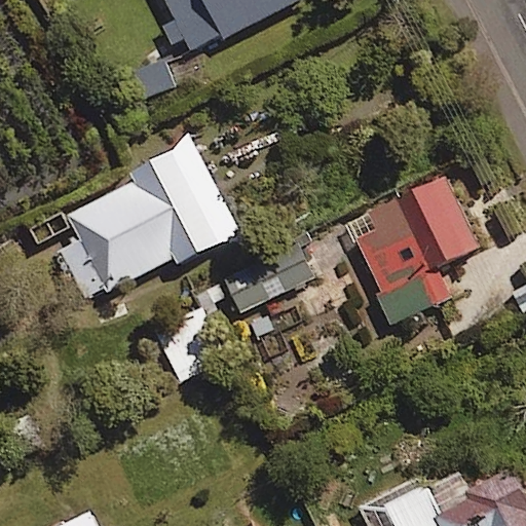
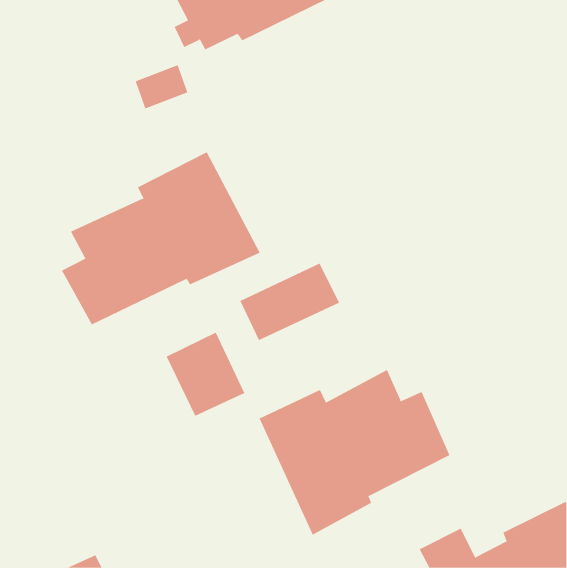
building: [356,176,479,324] -> none
building: none -> [259,369,450,536]

